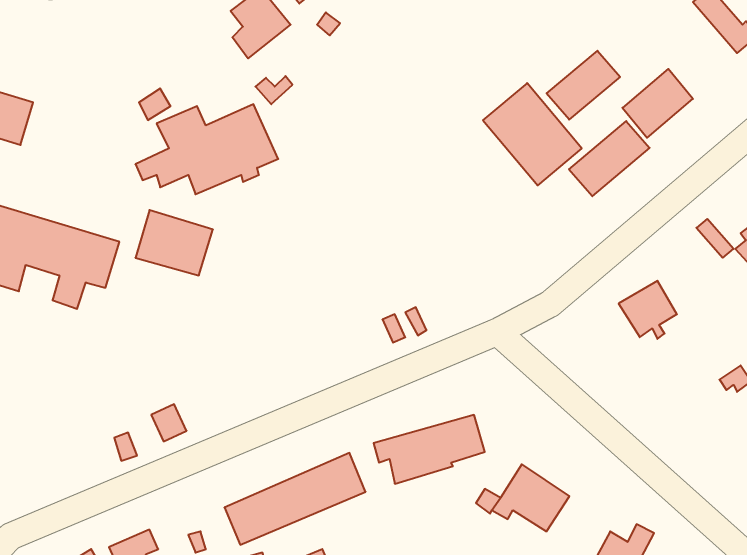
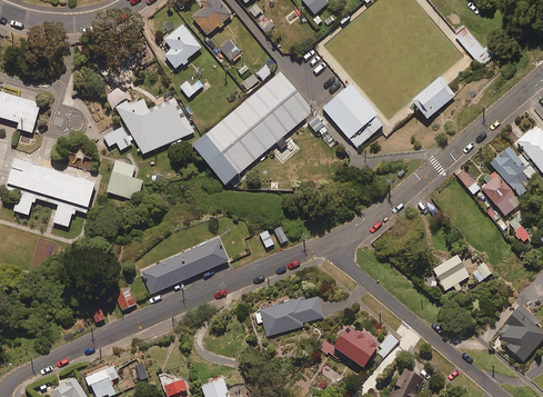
building: [547,51,620,120] -> none
building: none -> [192,71,313,185]
building: [569,121,650,196] -> none
building: [619,281,677,339] -> [432,255,469,291]
building: [224,453,366,545] -> [140,237,229,295]

